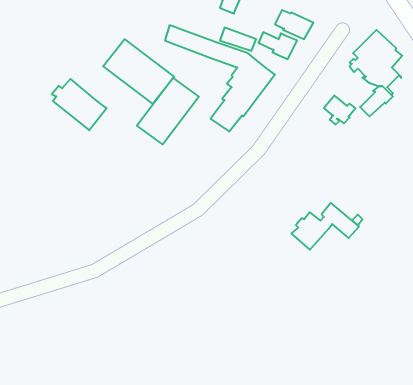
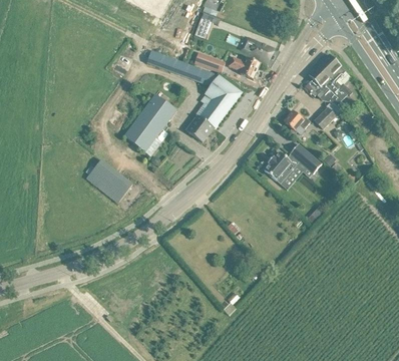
building: [103,39,174,104] -> none
building: [52,79,107,130] -> [85,157,132,202]
building: [291,203,359,250] -> [264,142,322,183]

